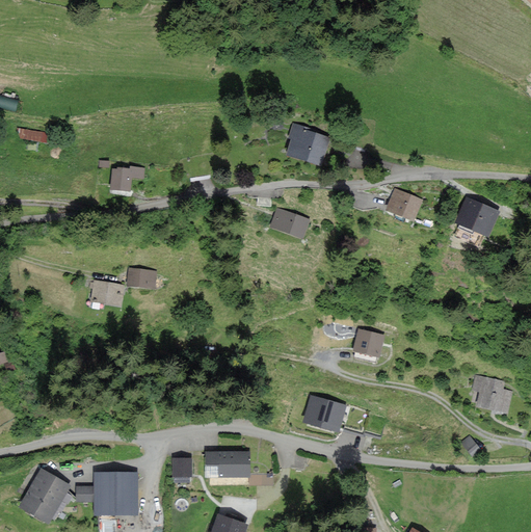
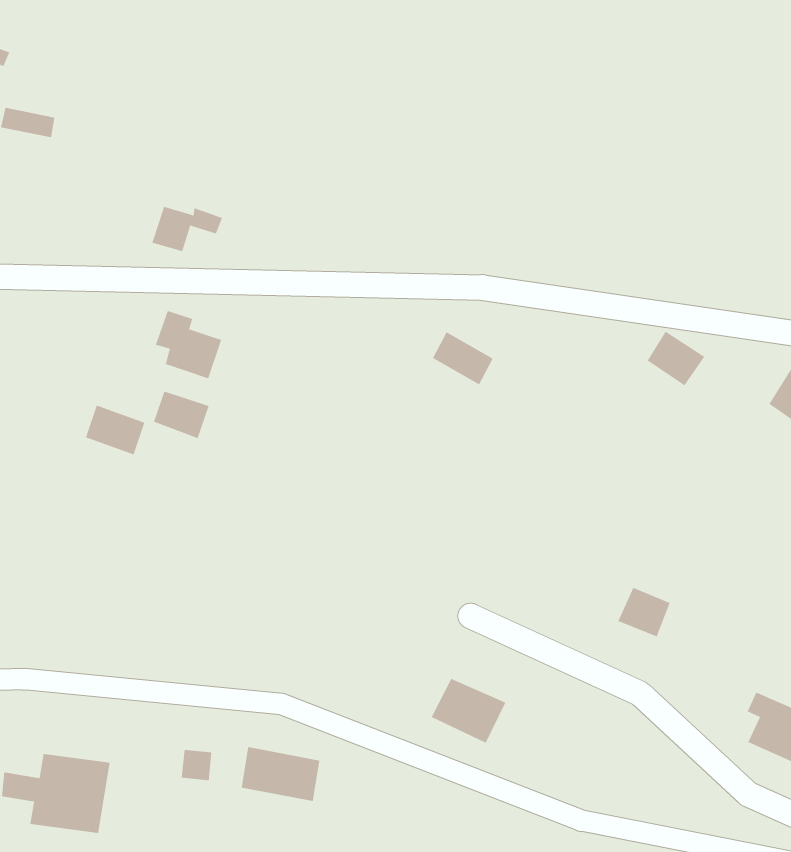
building: [287,124,326,162] -> none
building: none -> [155,310,222,379]
building: [354,329,381,354] -> [618,587,670,637]

